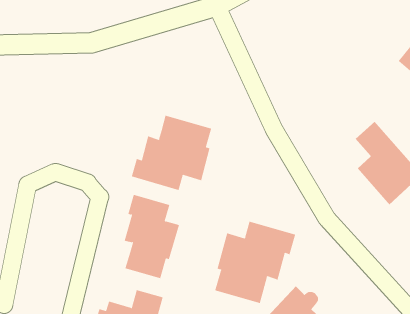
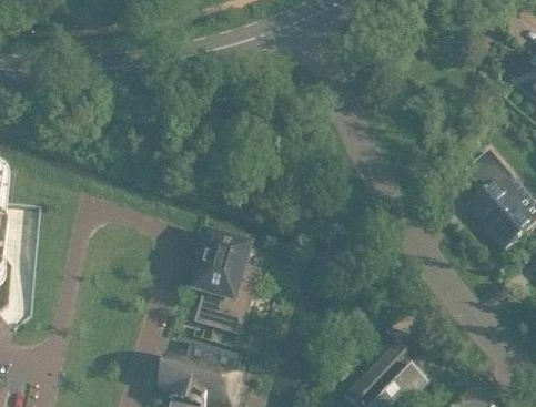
building: [131,115,212,191] -> none
building: [215,221,296,304] -> none

